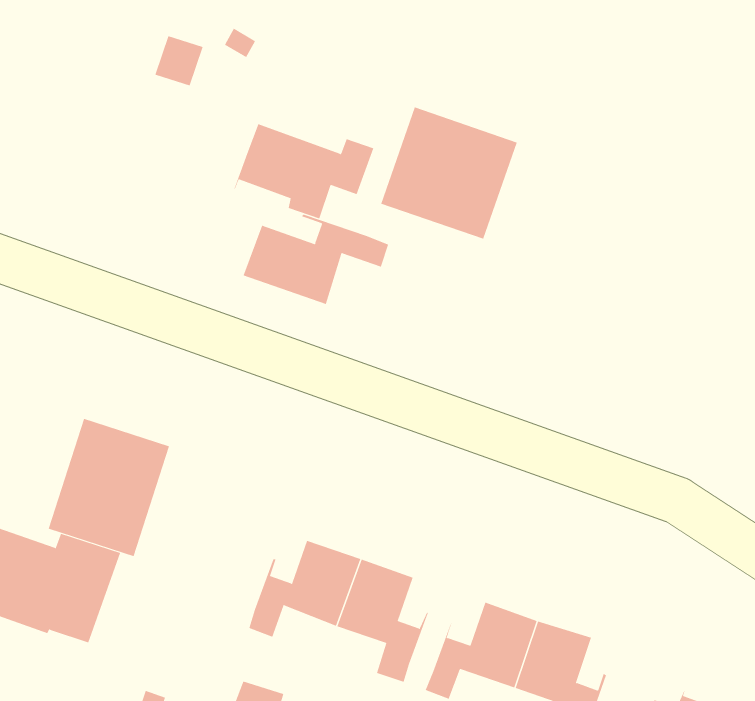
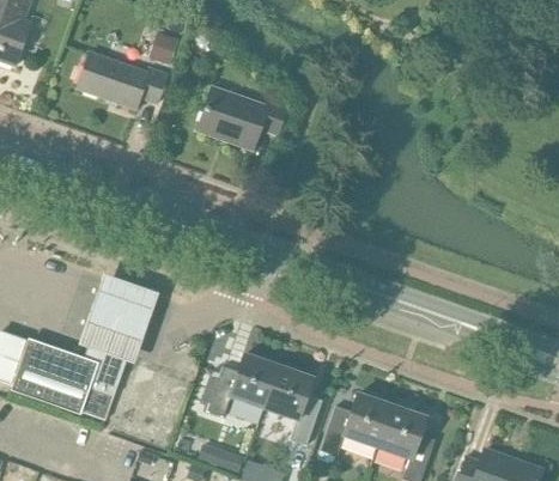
building: none -> [77,54,168,109]
building: [381,107,517,240] -> none
building: [243,214,389,305] -> none

